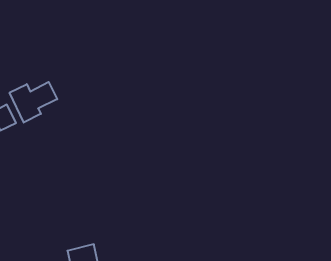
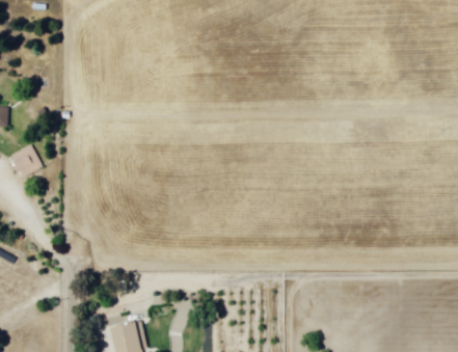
building: [10,82,57,123] -> none

